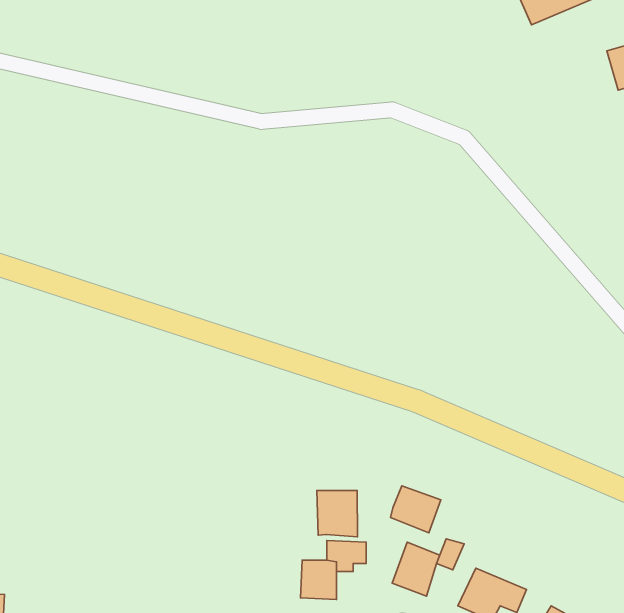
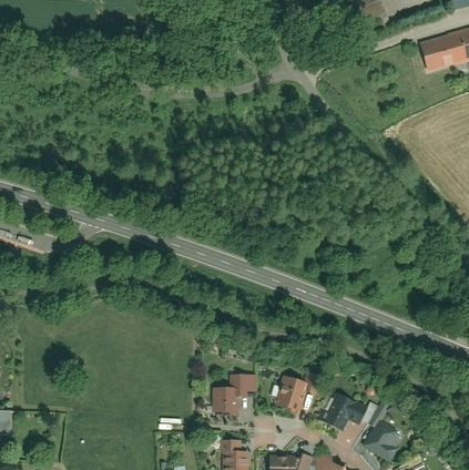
building: [391,486,441,533] -> none
building: [317,490,358,537] -> none

